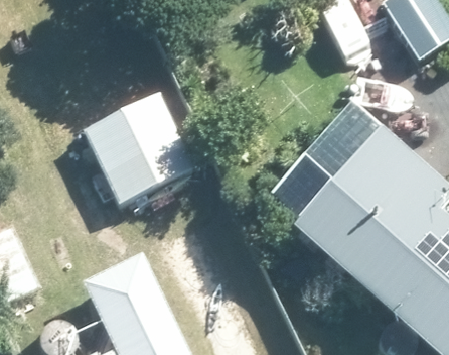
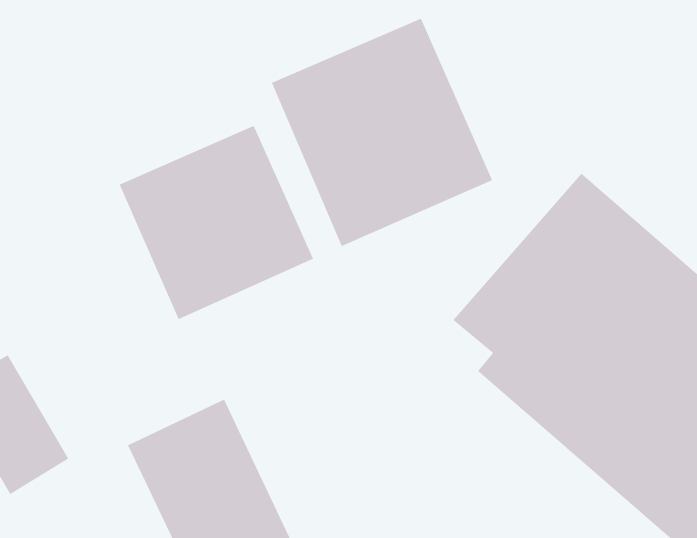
building: none -> [271,18,493,247]

